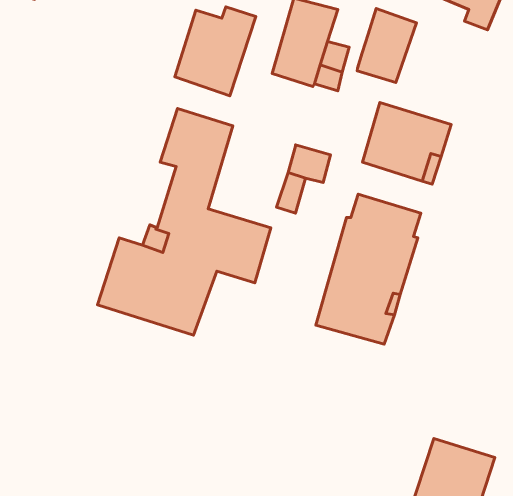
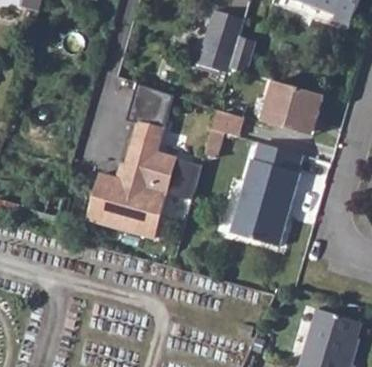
building: [175,7,256,96] -> none
building: [357,9,416,83] -> none

